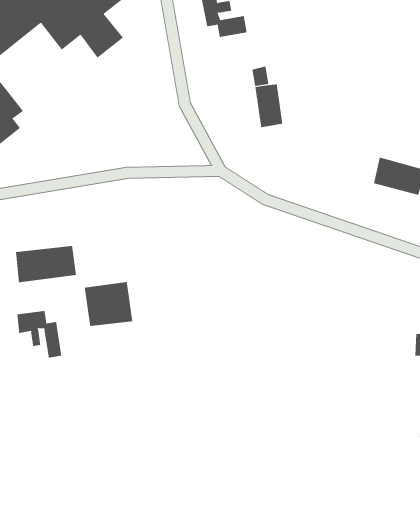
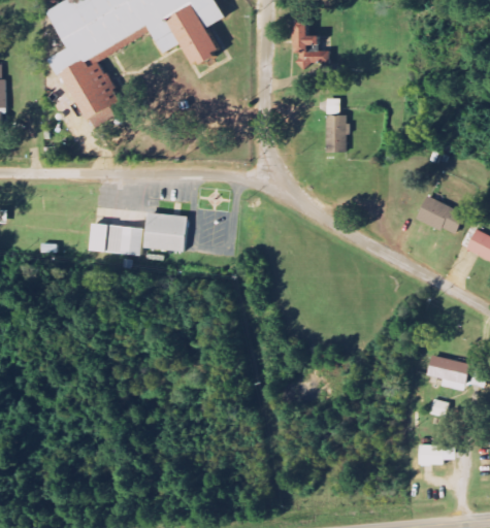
building: [84,281,133,327] -> [144,213,185,251]
building: [17,310,62,359] -> none

